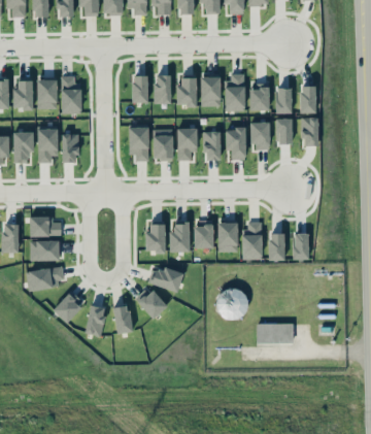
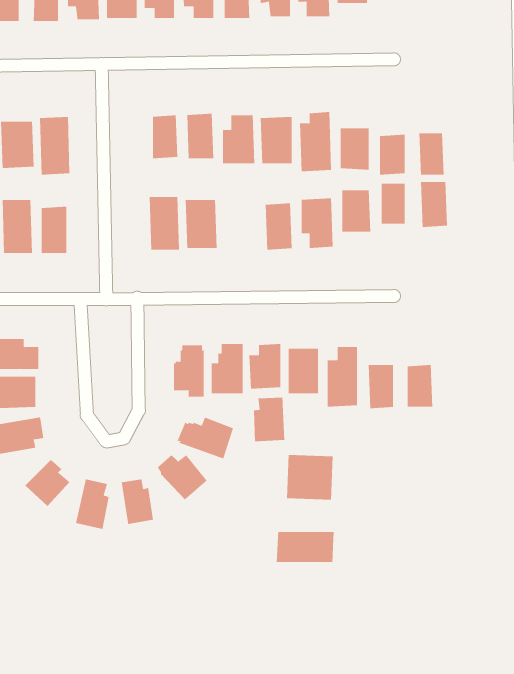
building: [177,128,198,160] -> none
building: none -> [254,397,285,442]
building: [257,324,294,343] -> [276,532,335,563]

